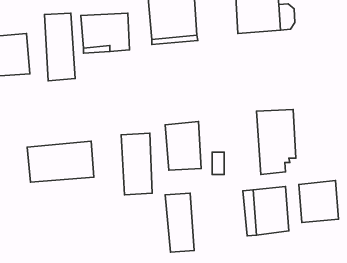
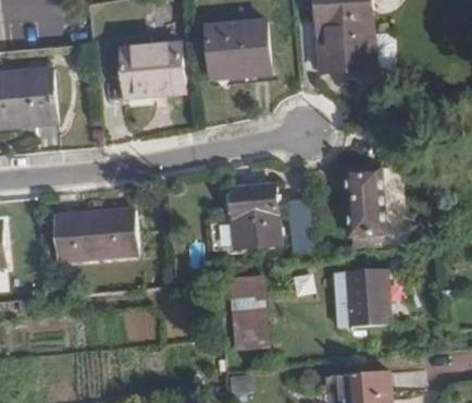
building: [45,13,75,81] -> none
building: [121,133,152,195] -> none
building: [299,181,338,222] -> none

